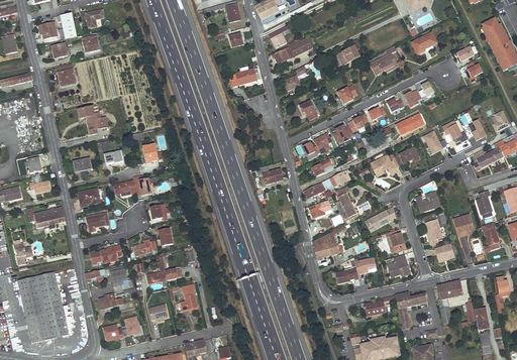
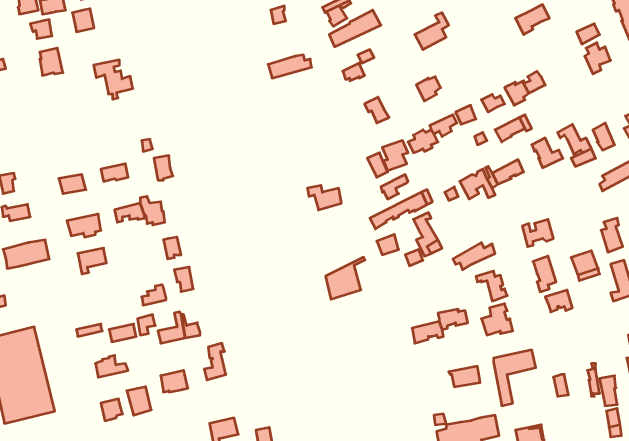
building: [371,46,398,75] -> none
building: [79,105,108,134] -> [94,60,133,99]
building: [313,228,342,259] -> [326,257,365,299]
building: [91,245,122,265] -> none
building: [436,280,462,305] -> none

